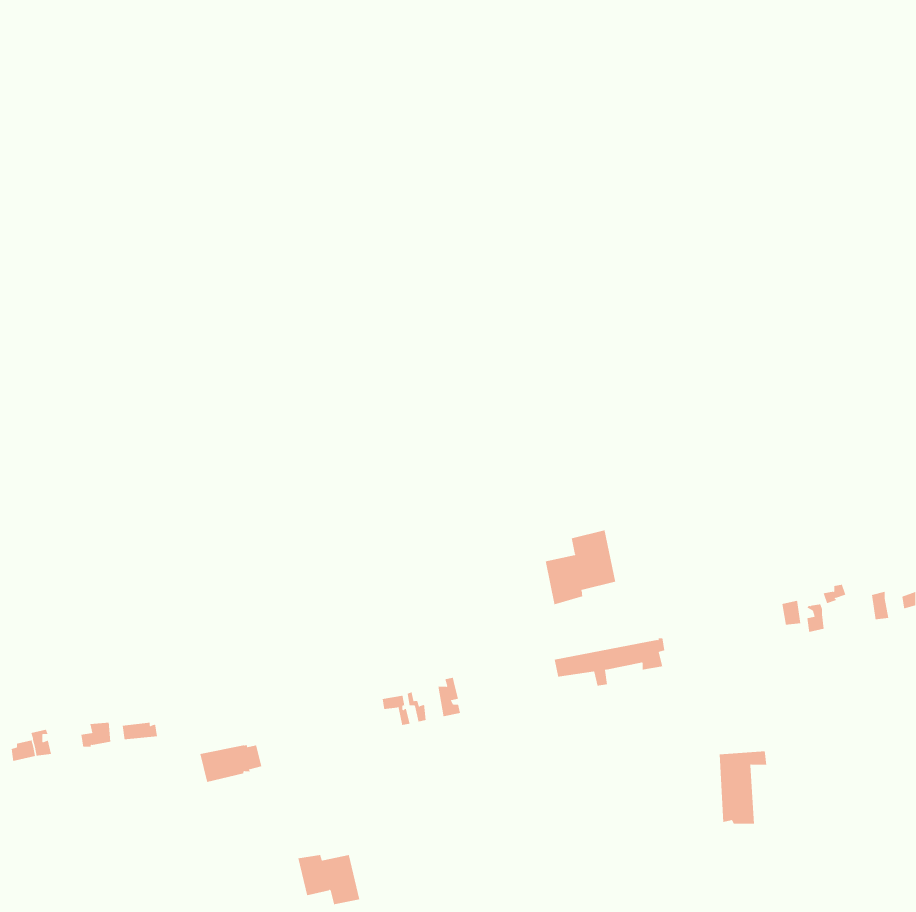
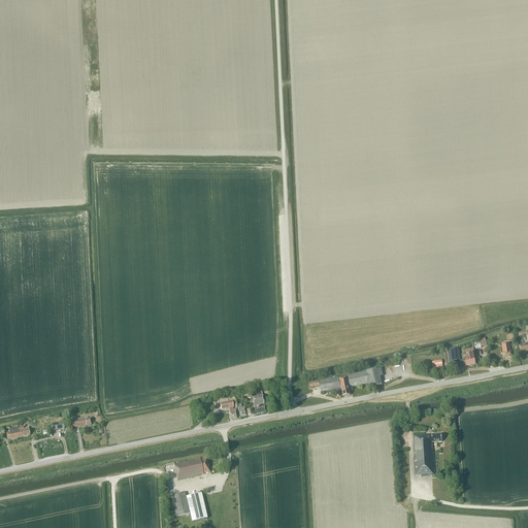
building: [545,530,616,605] -> none
building: [199,745,262,783] -> [173,458,209,480]

